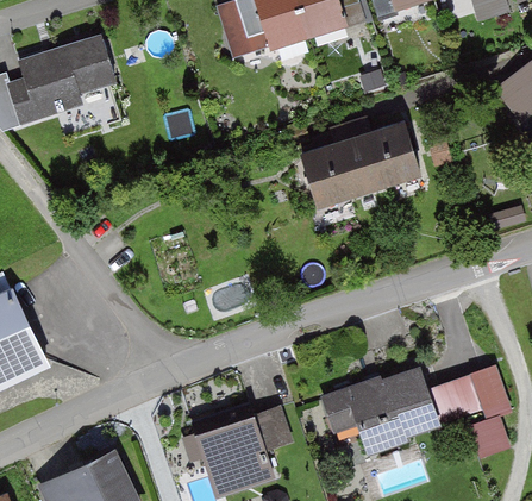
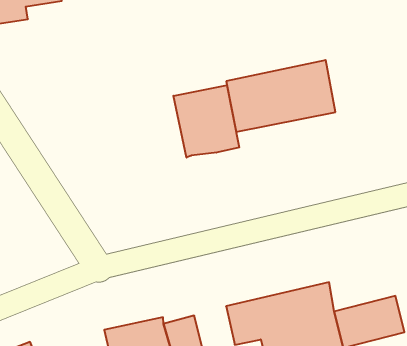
building: none -> [173,85,239,158]

